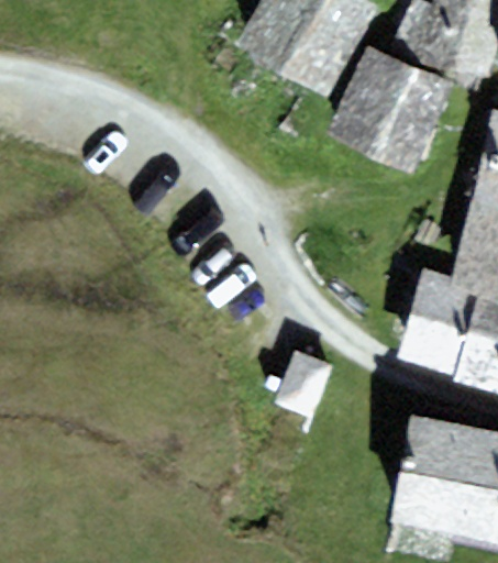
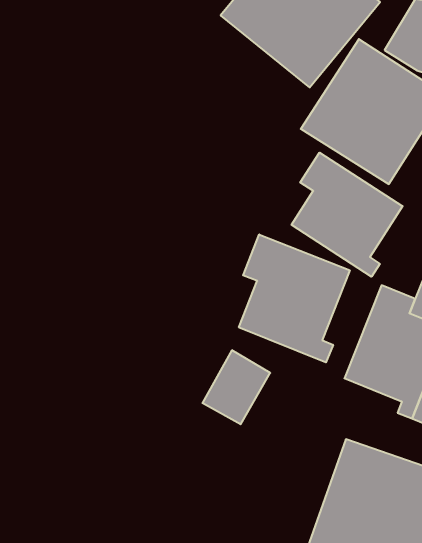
building: none -> [292,153,403,277]
building: none -> [239,234,350,362]

